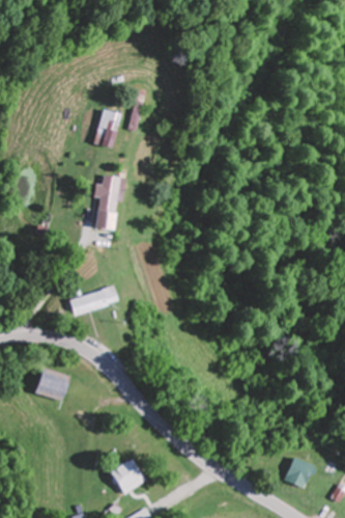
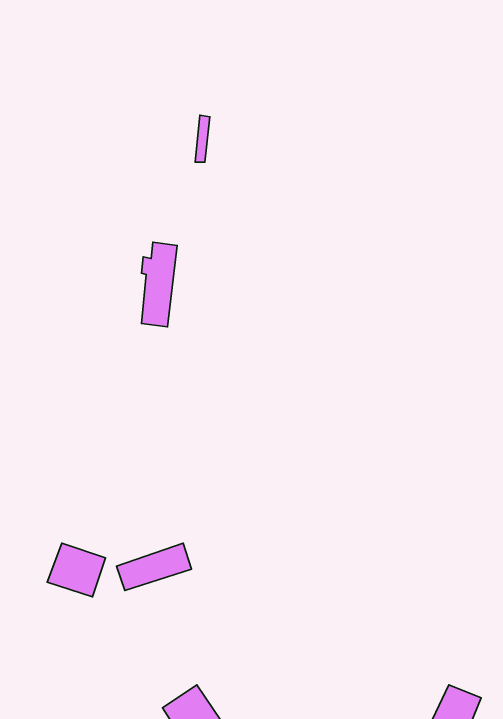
building: [96,111,118,147] -> none
building: [69,285,117,316] -> [117,543,191,590]

